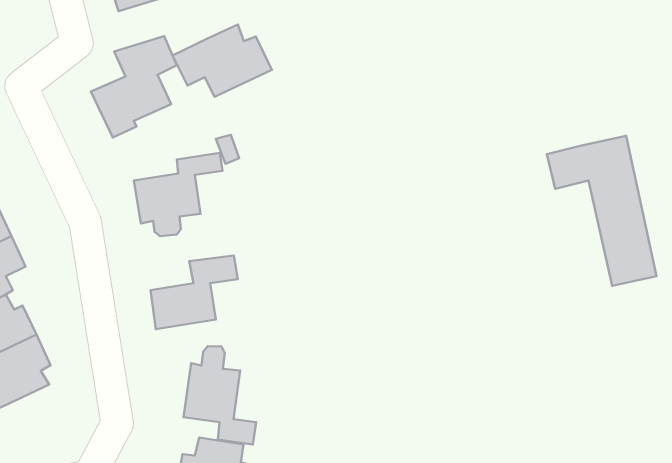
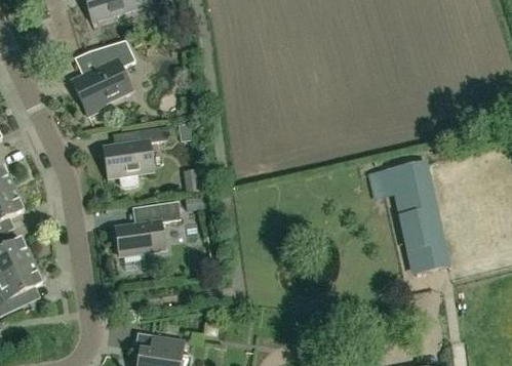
building: [173,24,272,97] -> none
building: [547,136,657,286] -> [366,161,447,272]
building: [183,346,256,445] -> none

